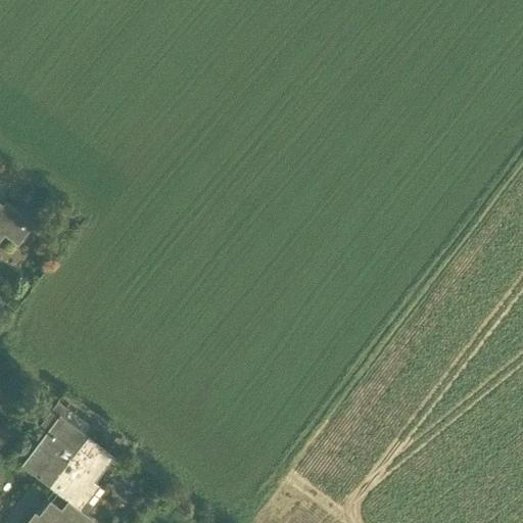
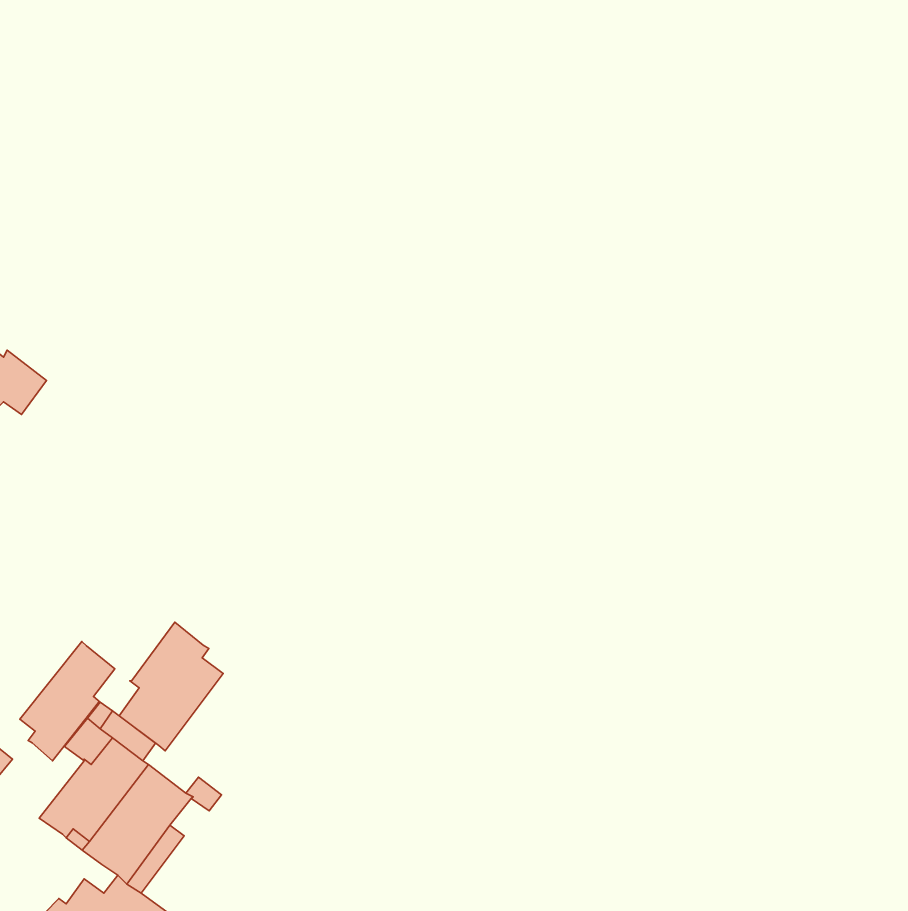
building: none -> [119,622,223,751]
building: none -> [20,642,115,761]

